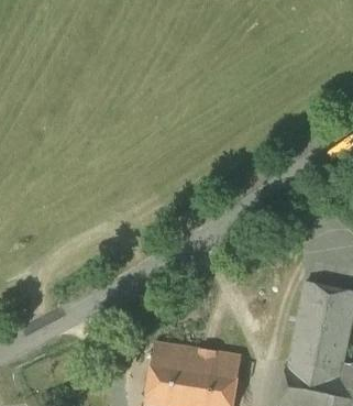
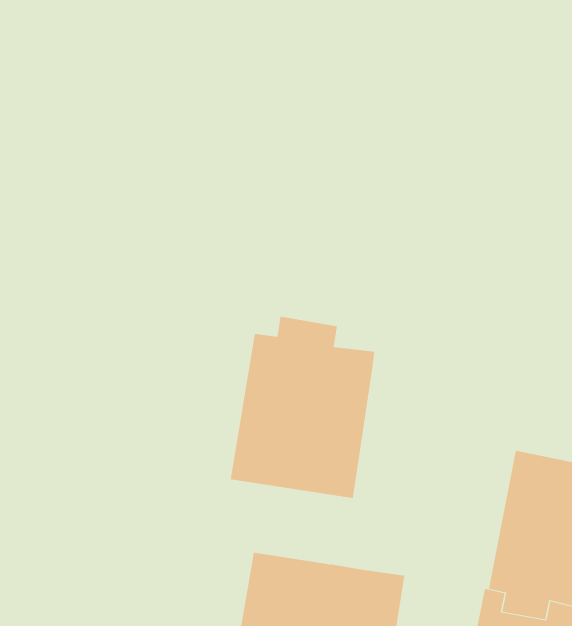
building: none -> [230,316,375,499]

